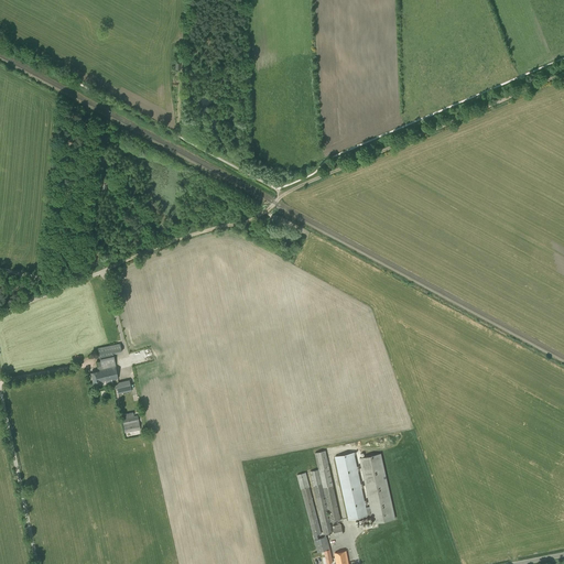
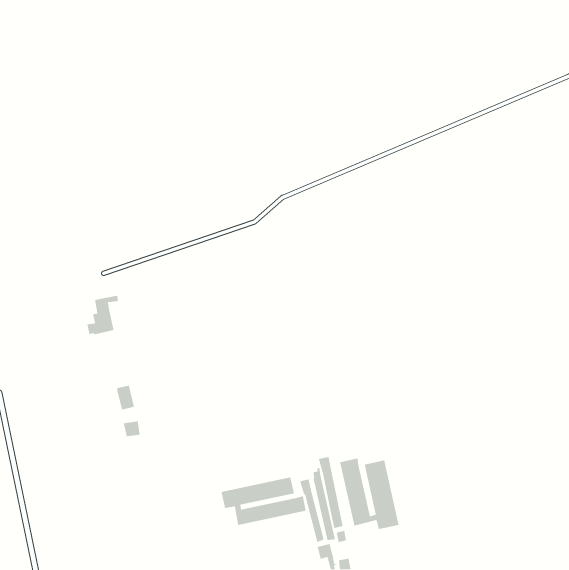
building: [89,344,121,383] -> [86,295,119,335]
building: none -> [221,476,307,526]

